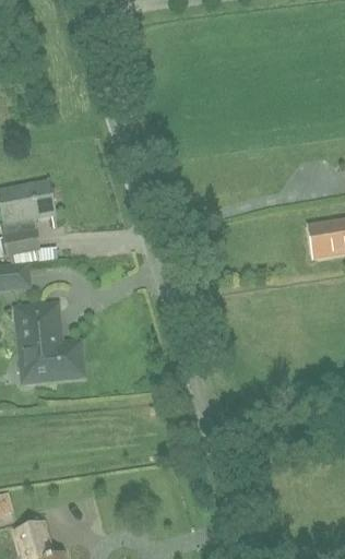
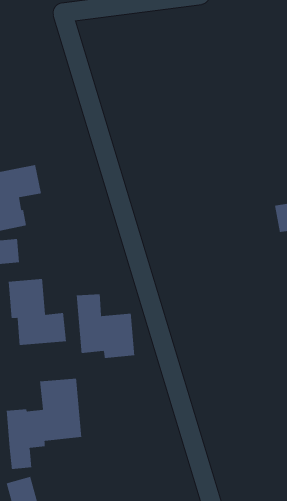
building: none -> [76,293,135,359]
building: none -> [6,378,82,470]

